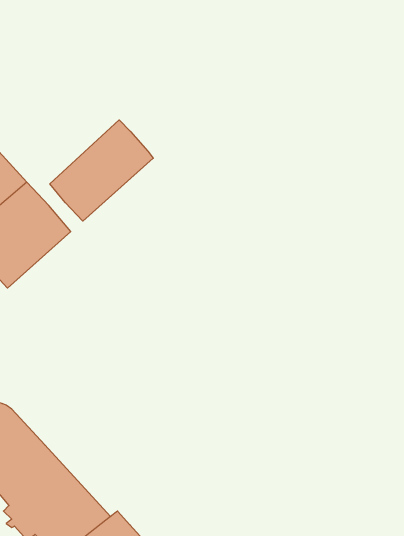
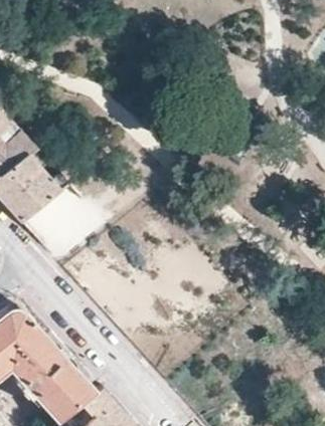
building: [50,120,153,221] -> none

